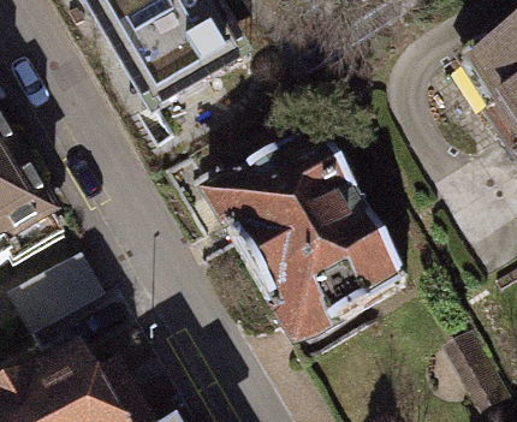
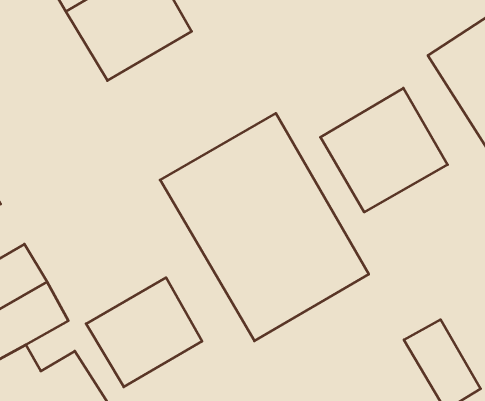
building: none -> [320,88,448,212]
building: none -> [86,278,202,387]

